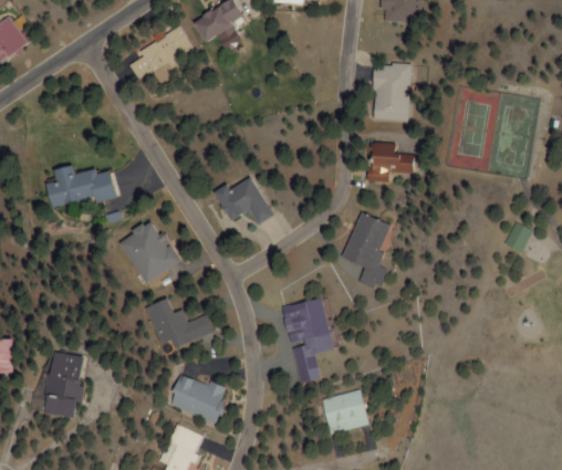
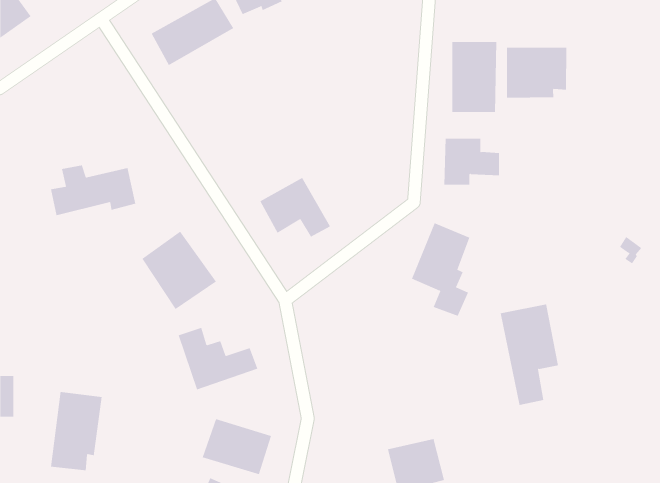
building: none -> [506,47,567,99]
building: [283,299,332,383] -> [500,304,559,406]

